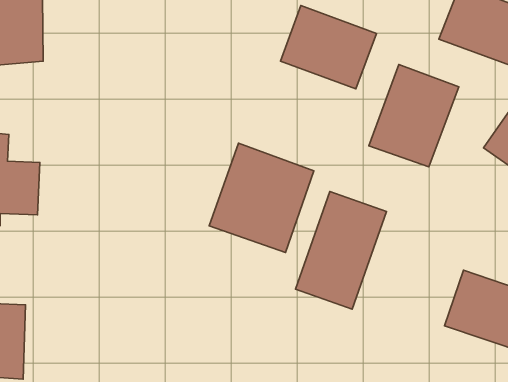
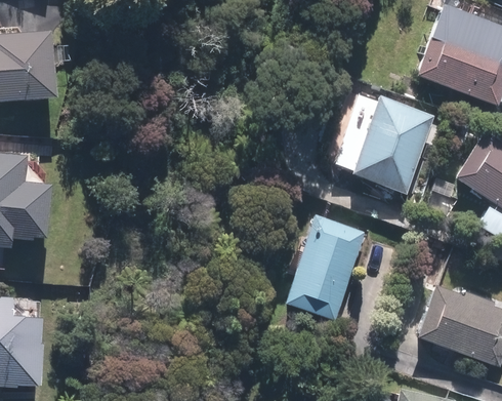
building: [281,5,376,89] -> none
building: [209,143,314,253] -> none

